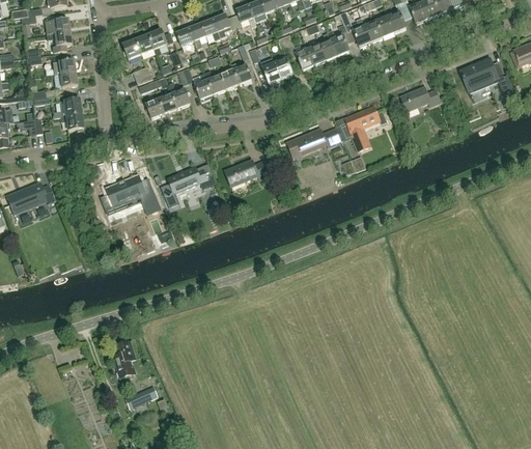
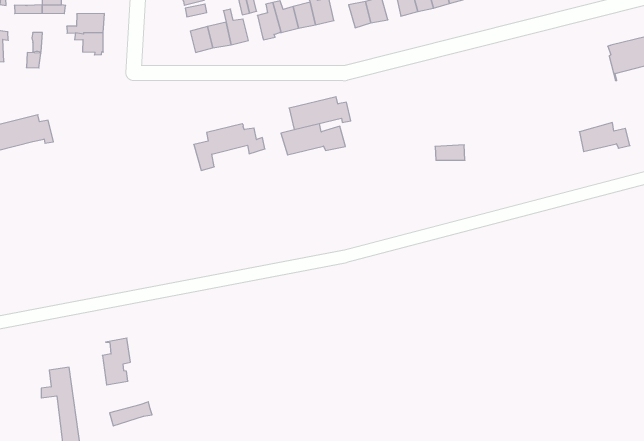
building: [401,86,441,111] -> [579,123,630,152]
building: [341,106,388,150] -> none
building: [287,128,335,157] -> [289,97,351,130]
building: [102,174,161,214] -> none

